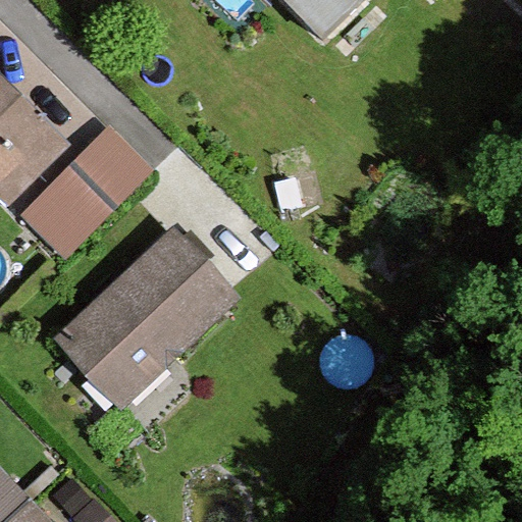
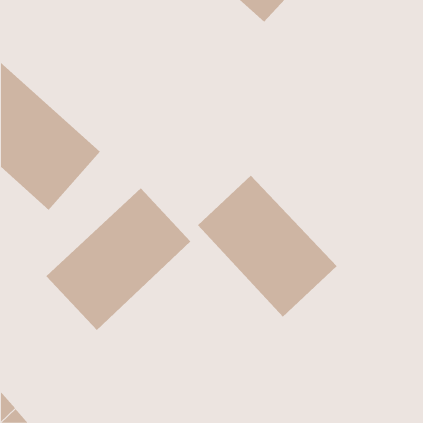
building: none -> [197,175,337,317]

